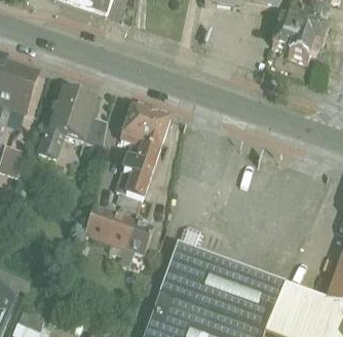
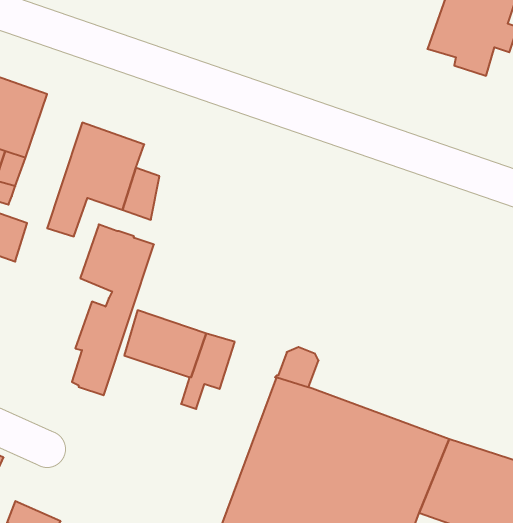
building: [118,103,168,208] -> [72,224,154,395]

